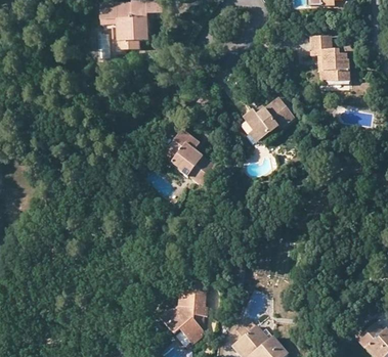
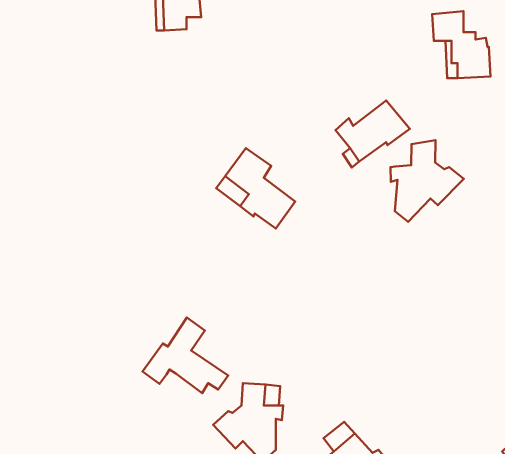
building: none -> [391,140,464,222]
building: none -> [143,317,228,393]

